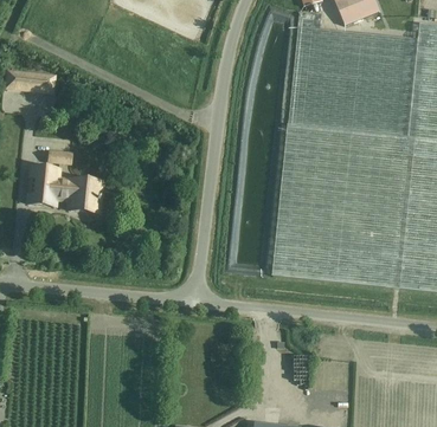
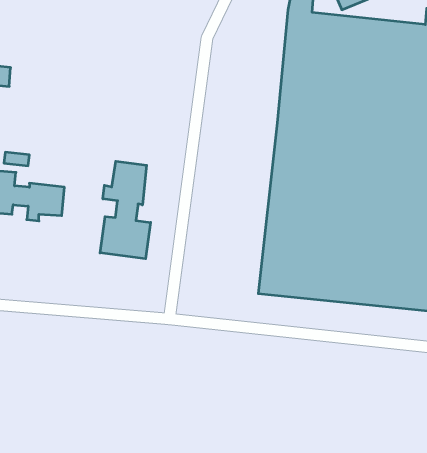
building: none -> [100,161,151,259]

